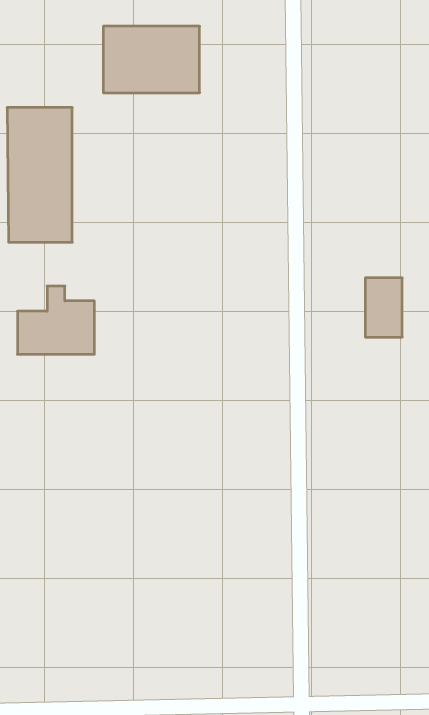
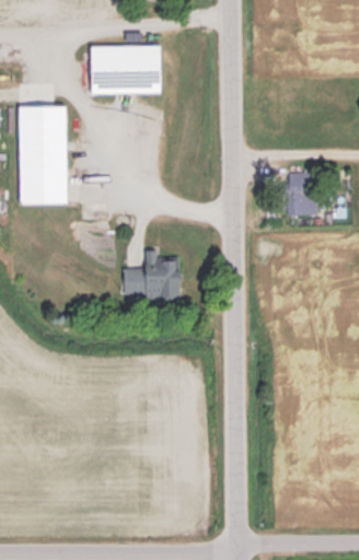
building: [365,278,402,337] -> [288,172,315,215]
building: [17,286,94,354] -> [123,248,180,299]

